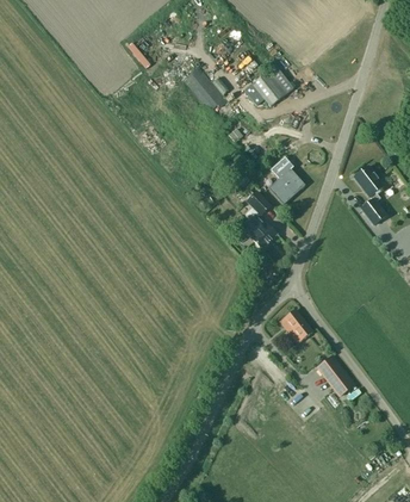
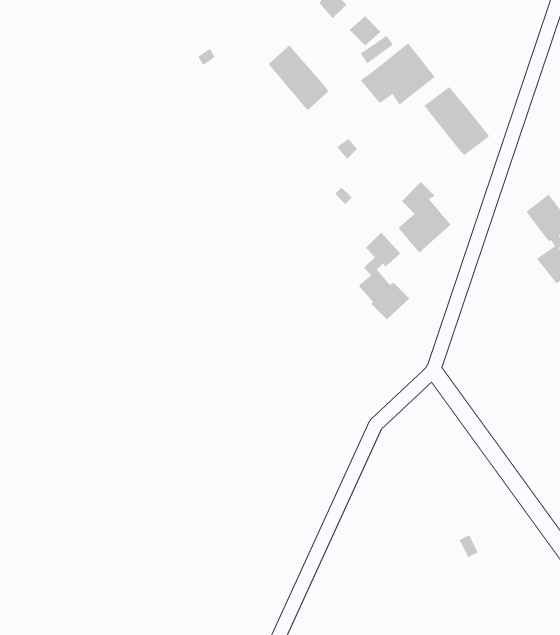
building: none -> [424,86,490,156]
building: [279,309,312,342] -> none
building: [316,354,355,397] -> none

